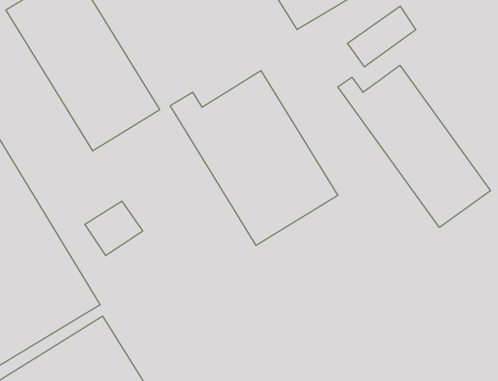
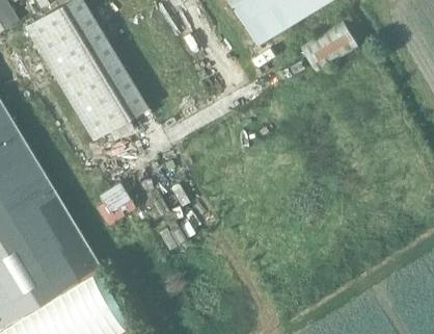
building: [338,65,490,227] -> none
building: [170,71,338,245] -> none

